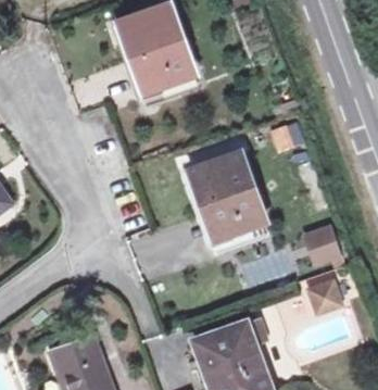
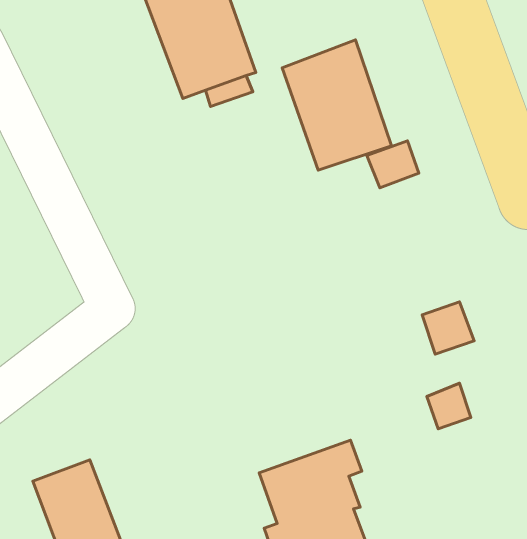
building: [192,152,265,239] -> [282,40,391,170]

